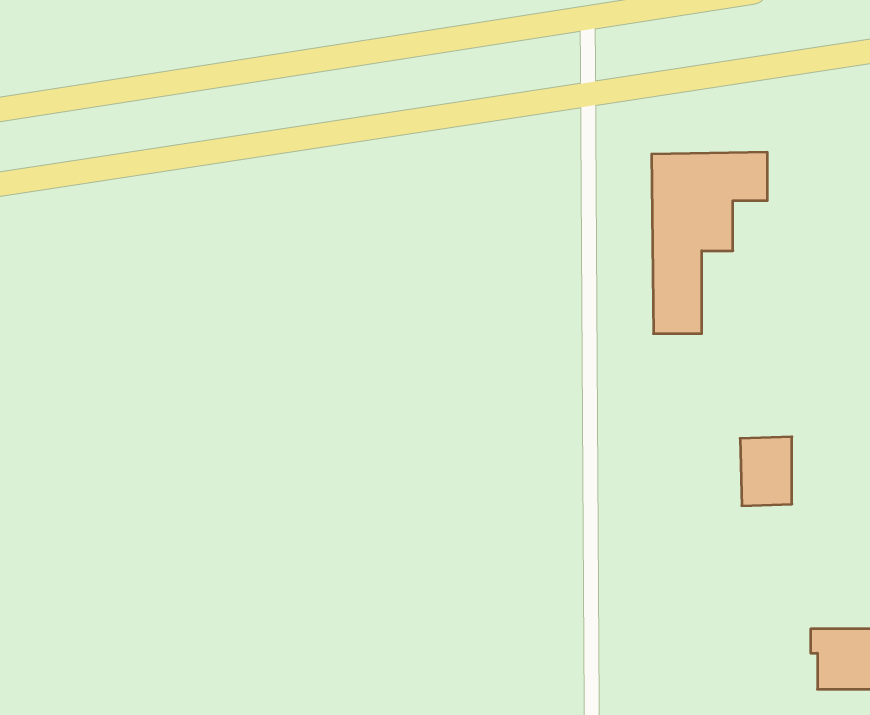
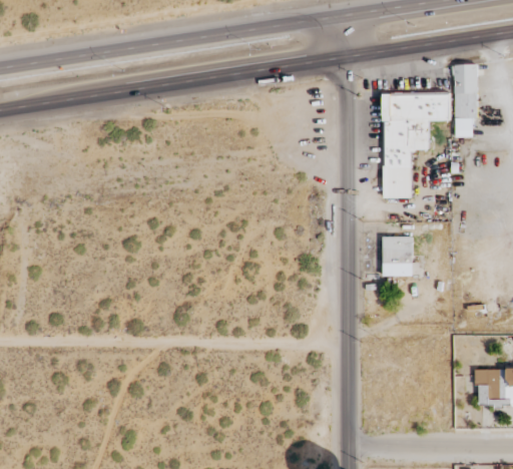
building: none -> [454,64,478,137]
building: [740,437,792,506] -> [383,237,413,277]

